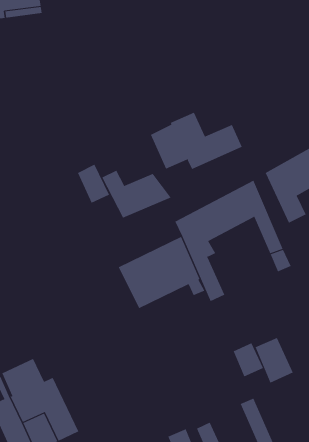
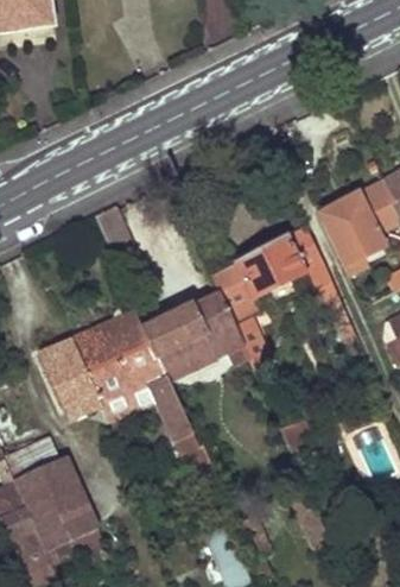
building: [150,112,242,170] -> none
building: [101,170,172,219] -> none
building: none -> [37,311,210,468]
building: [255,337,293,384] -> none

